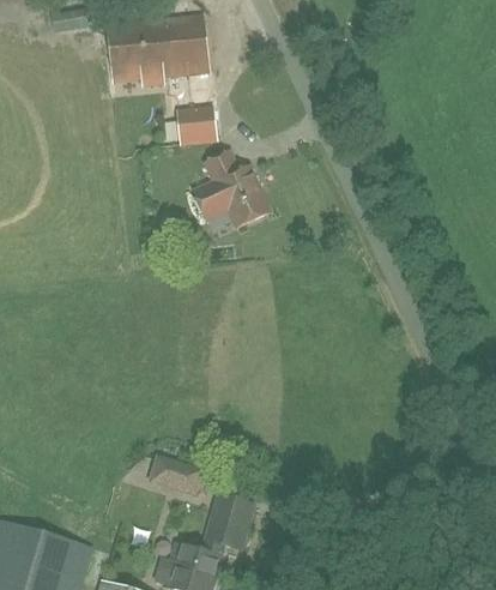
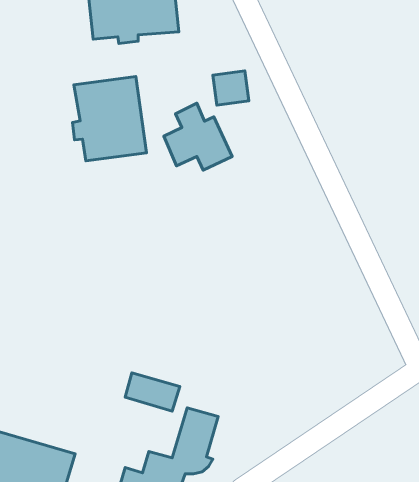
building: [176,106,217,144] -> [213,71,249,105]
building: none -> [72,77,146,161]

